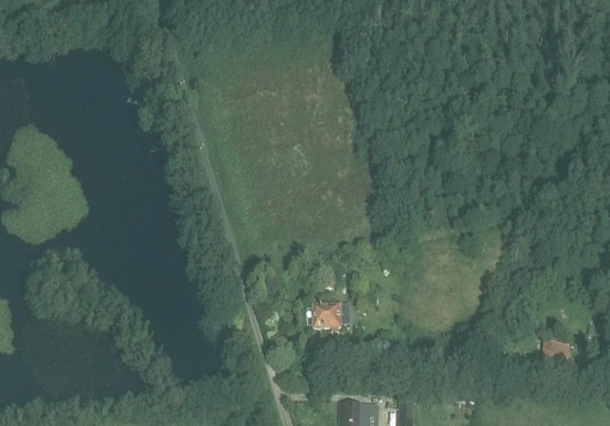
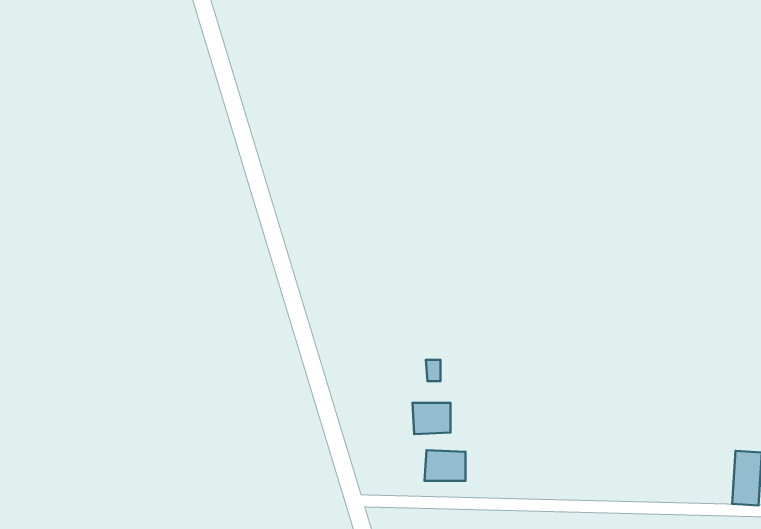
building: none -> [425,450,466,481]

